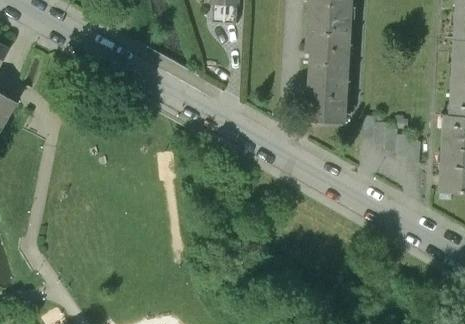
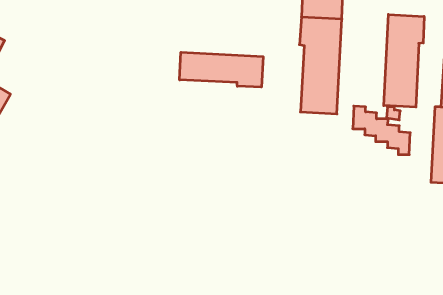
building: none -> [384,14,424,107]
building: none -> [180,52,263,87]

